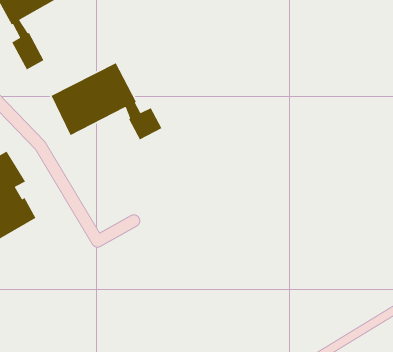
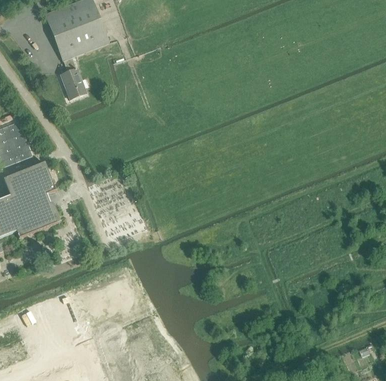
building: [51,62,163,140] -> none

